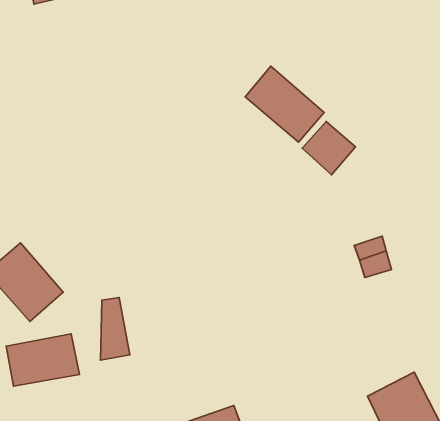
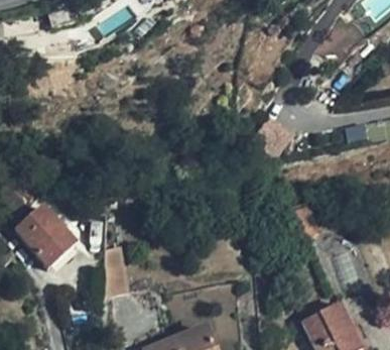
building: [245,66,324,142] -> none
building: [6,334,79,386] -> none

